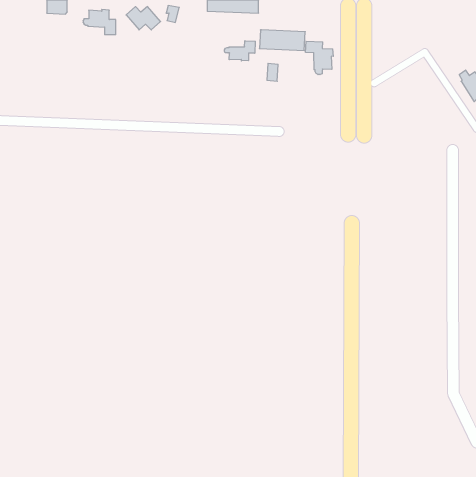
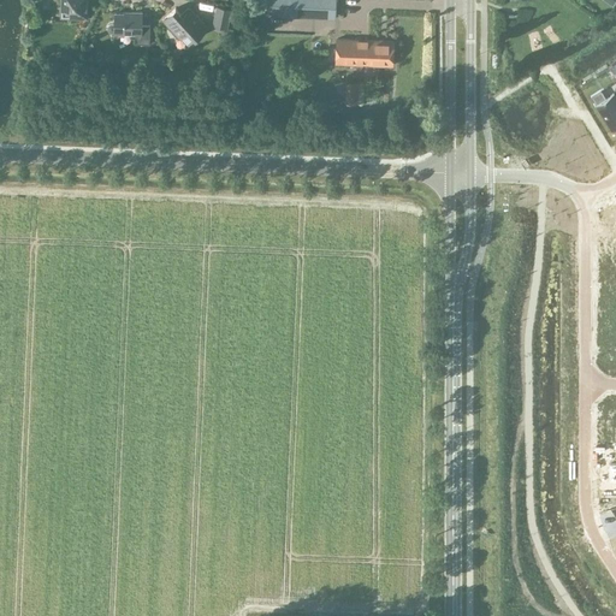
building: [224,41,255,61] -> none
building: [306,41,333,75] -> none

